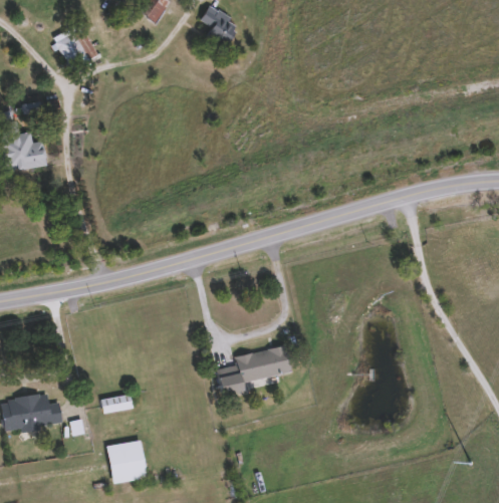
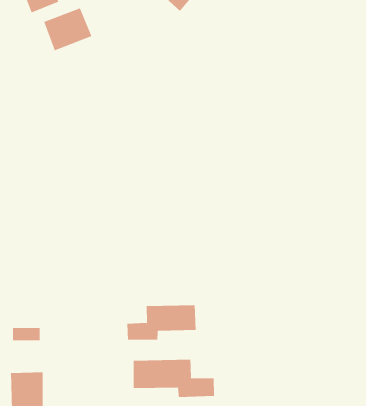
building: none -> [43,8,92,51]
building: none -> [133,359,215,398]

